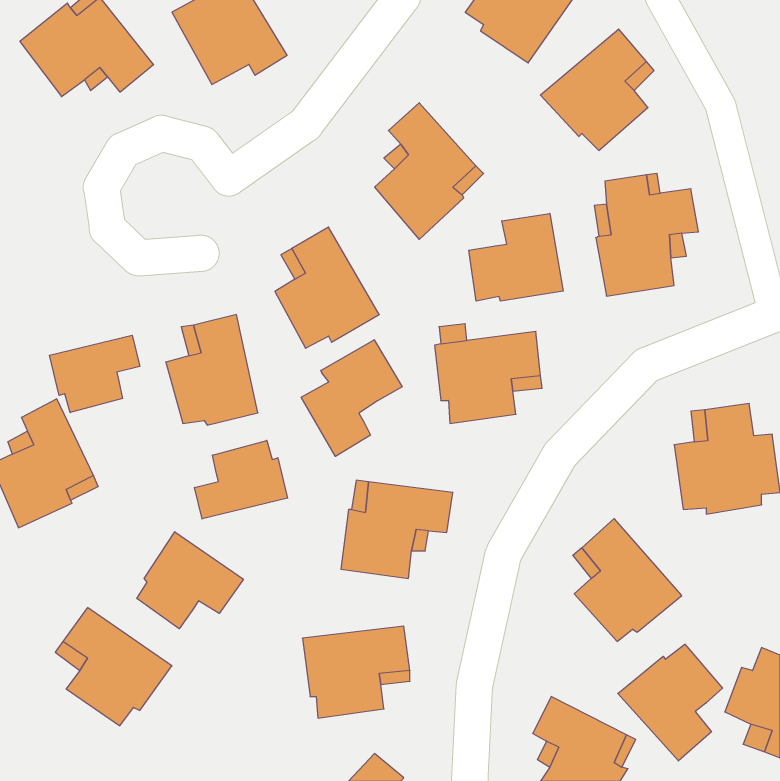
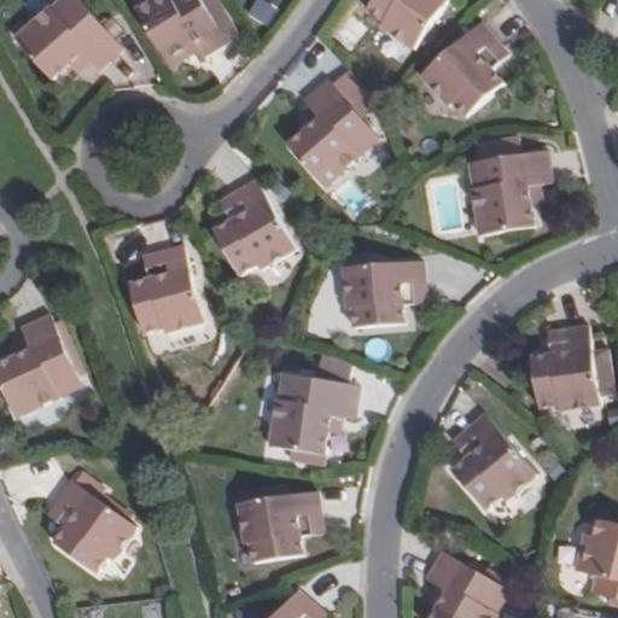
building: [469,213,563,301] -> none
building: [50,335,140,413] -> none
building: [301,340,402,456] -> none
building: [195,440,288,519] -> none
building: [137,532,243,629] -> none
building: [618,644,723,761] -> none

